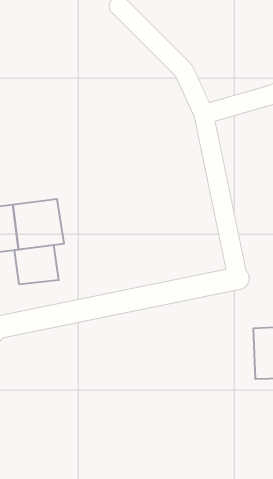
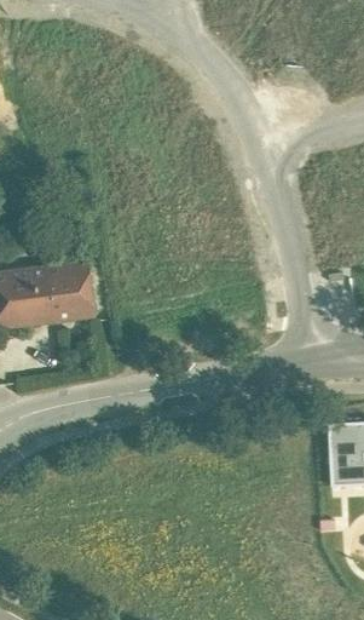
building: [14,245,59,284] -> none

